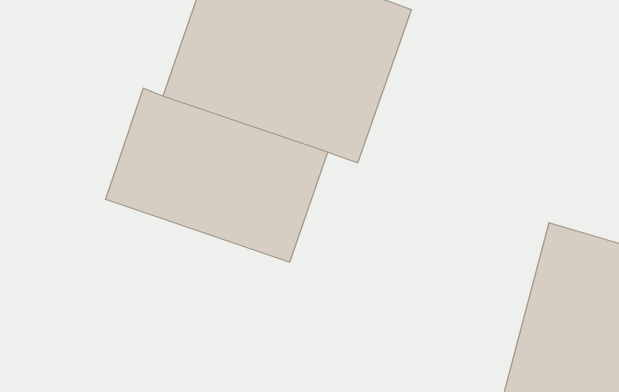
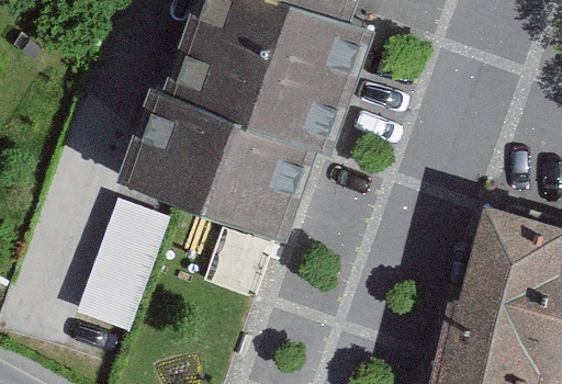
building: none -> [83,202,161,324]

